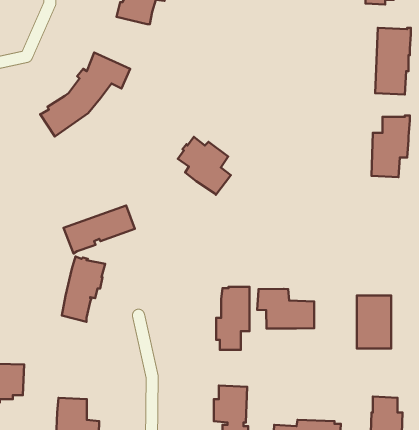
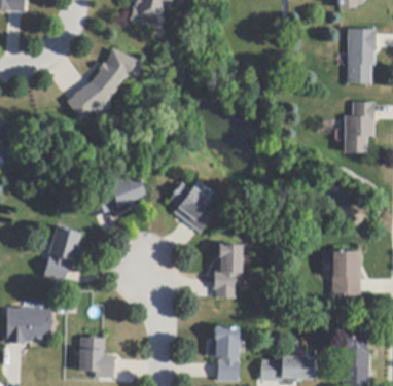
building: [178,137,231,195] -> [168,182,212,231]
building: [62,256,105,322] -> [45,225,81,280]
building: [257,289,314,329] -> none

